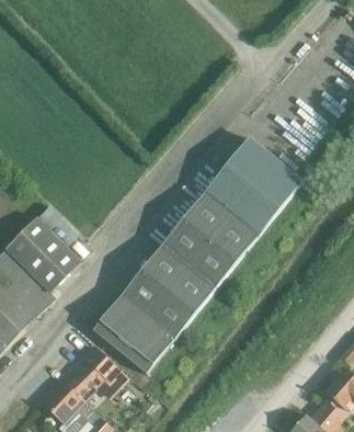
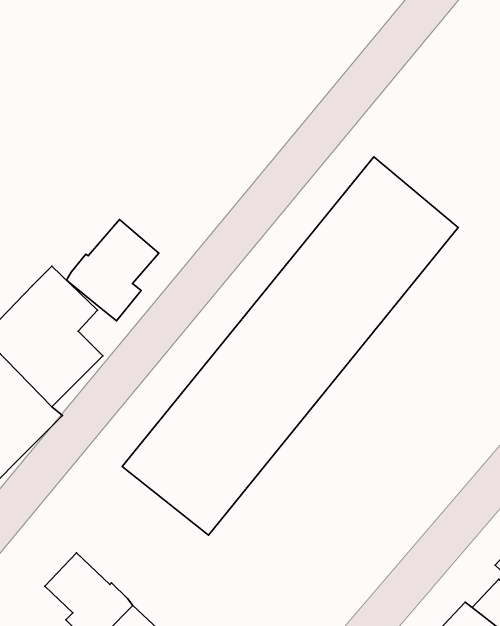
building: none -> [67,219,159,321]
building: [65,349,130,403] -> none

